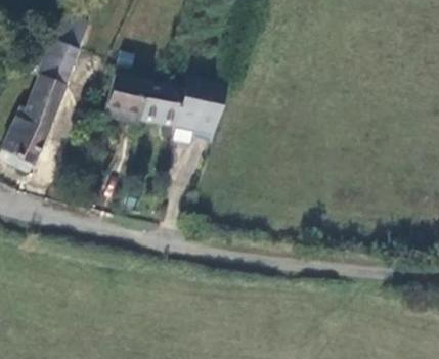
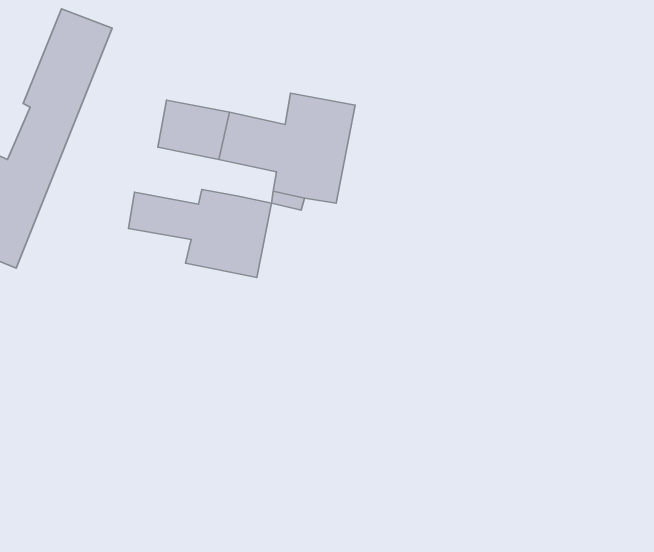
building: none -> [129,190,271,277]

